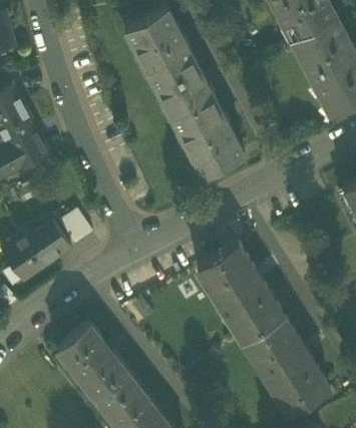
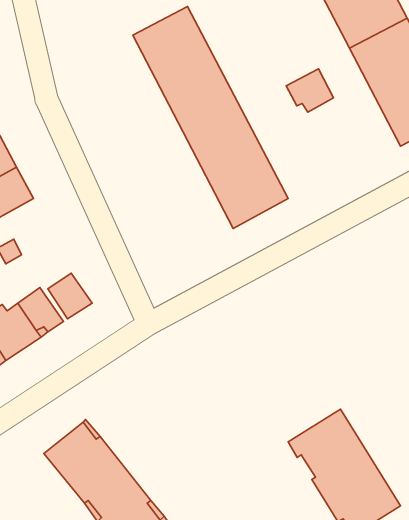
building: none -> [286,69,334,112]
building: [196,241,283,340] -> none

